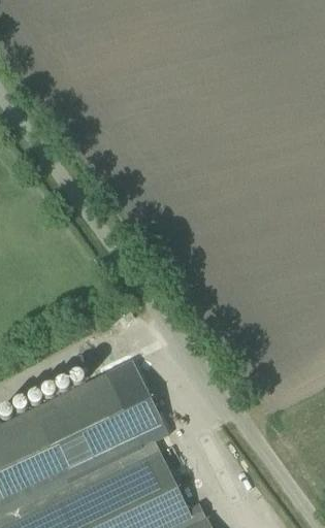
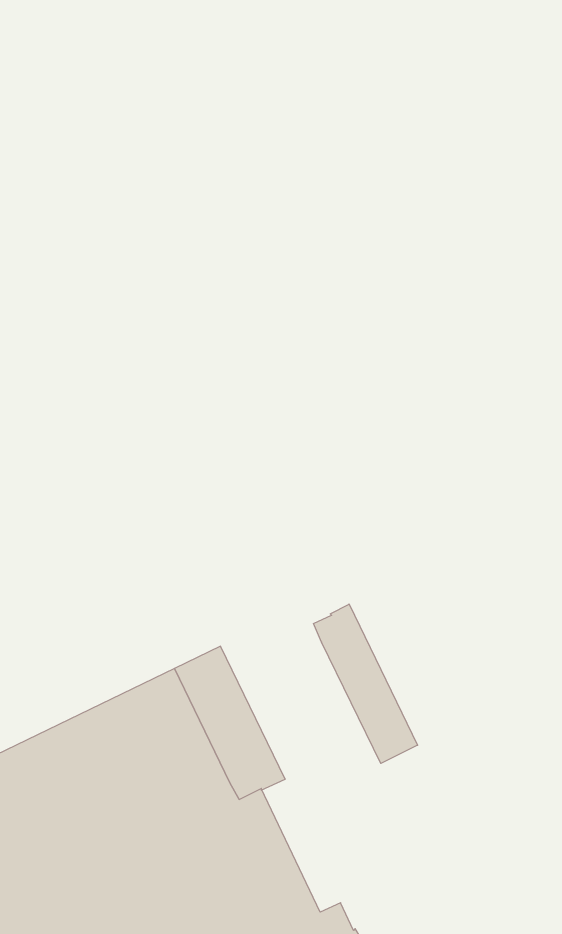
building: none -> [314,604,418,763]

